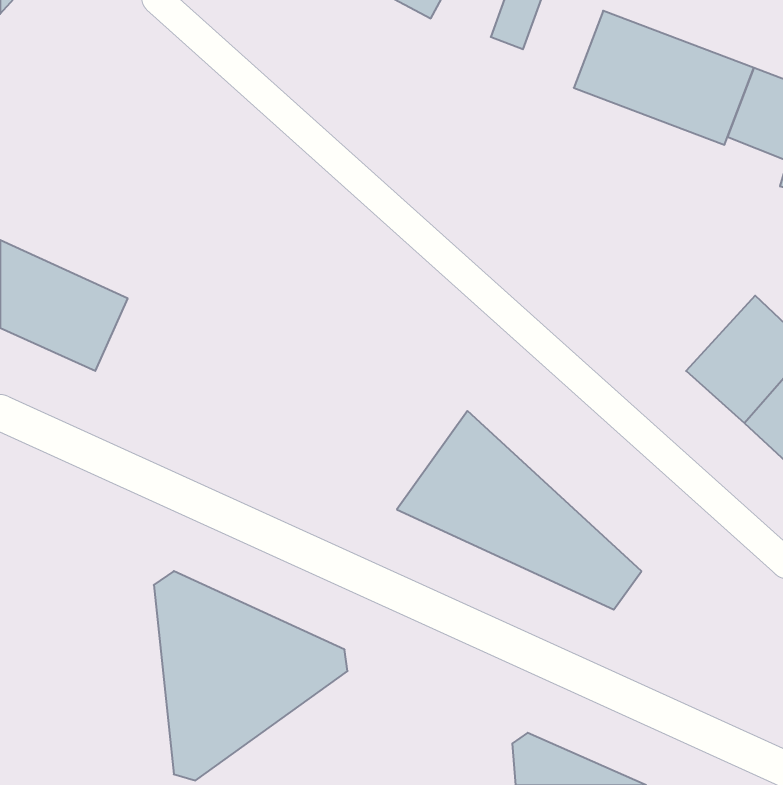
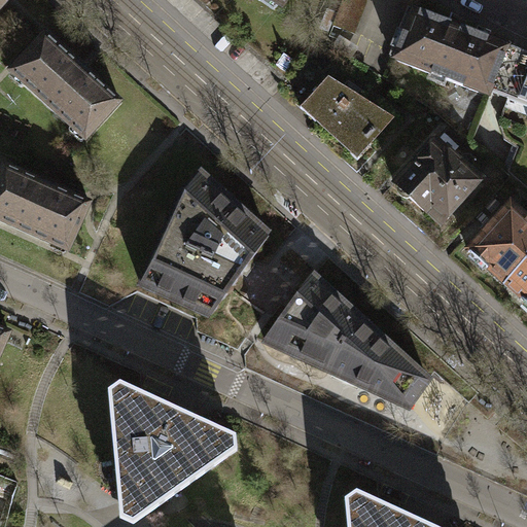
building: none -> [22,27,127,130]
building: none -> [309,68,405,153]
building: none -> [403,129,496,221]
building: none -> [139,172,266,315]

